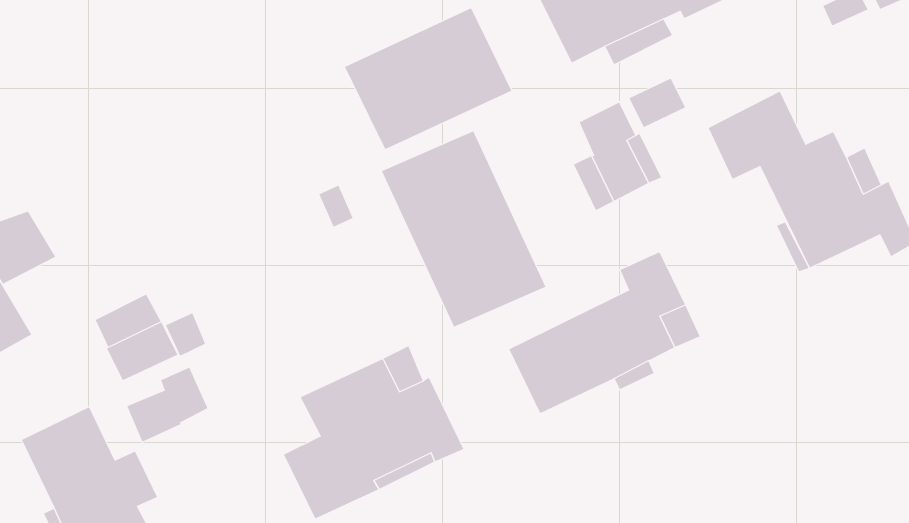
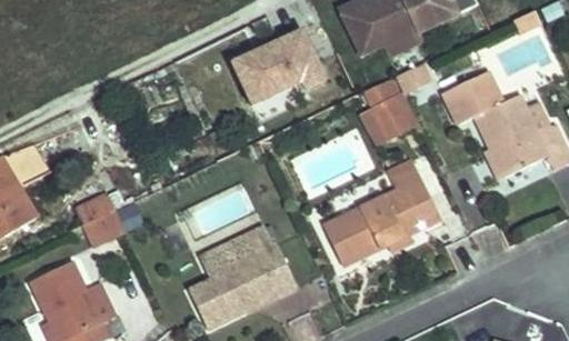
building: [381,130,546,327] -> none
building: [126,367,208,443] -> none

